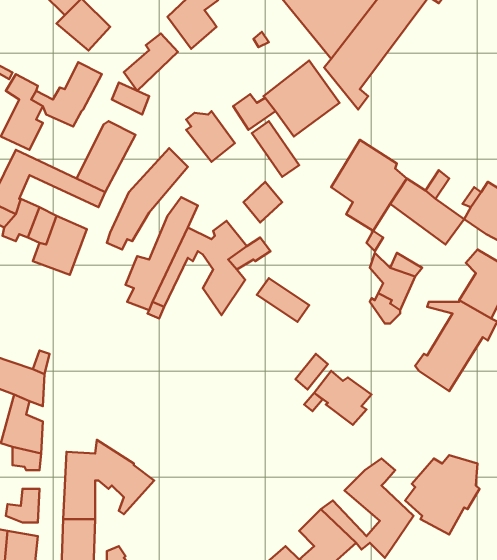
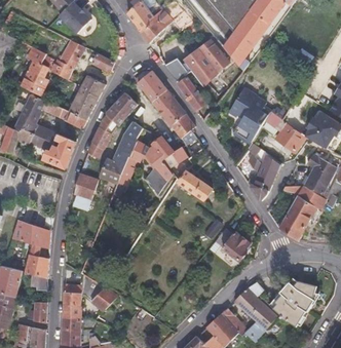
building: [124,33,178,91] -> [139,7,172,42]
building: none -> [151,88,184,124]
building: none -> [73,172,98,199]

